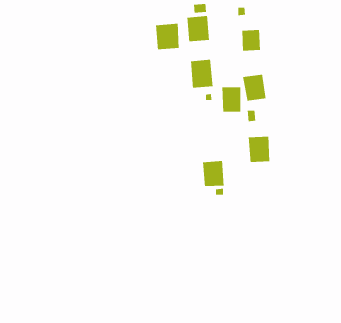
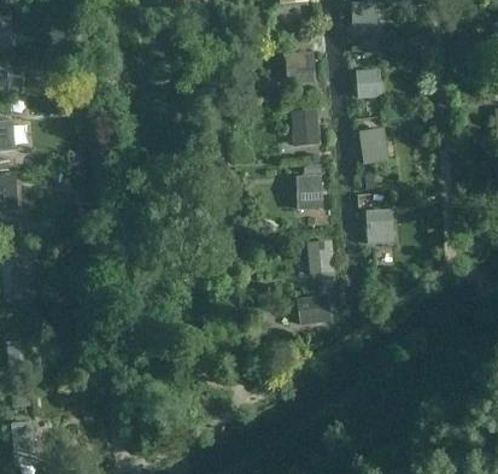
building: [155,23,180,50] -> none
building: [222,86,241,112] -> [295,175,321,209]
building: none -> [295,294,330,324]

